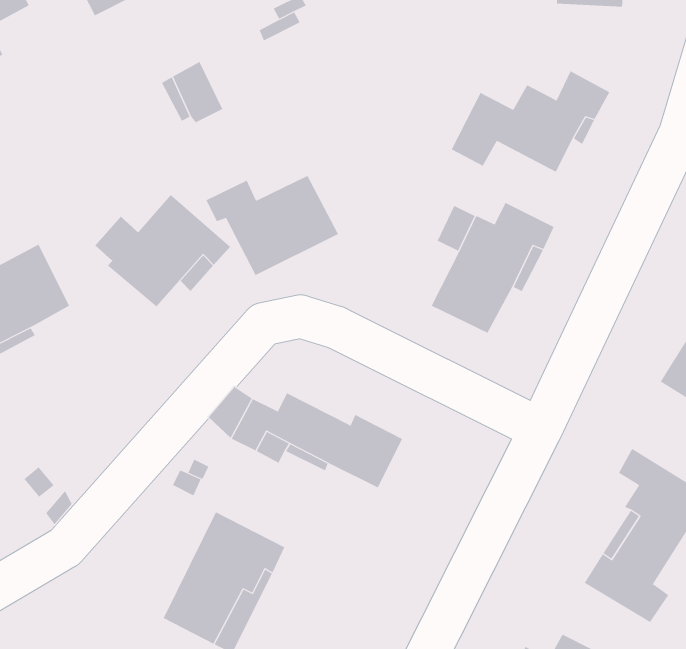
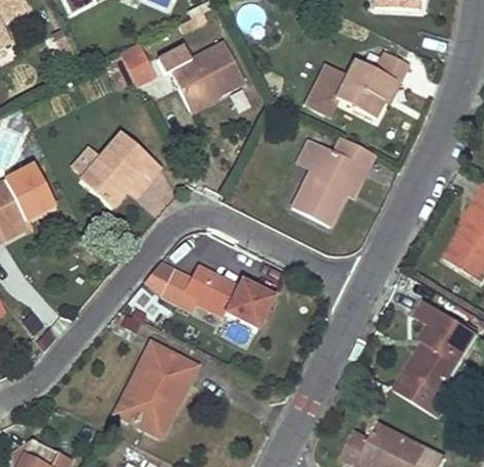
building: [206,175,339,276] -> [157,44,245,110]

